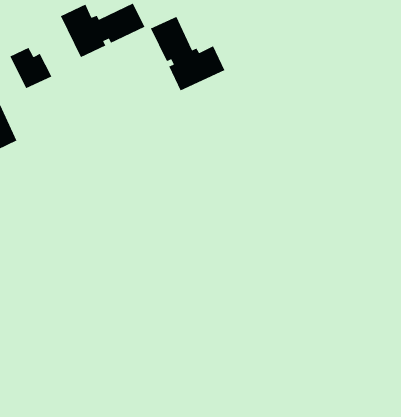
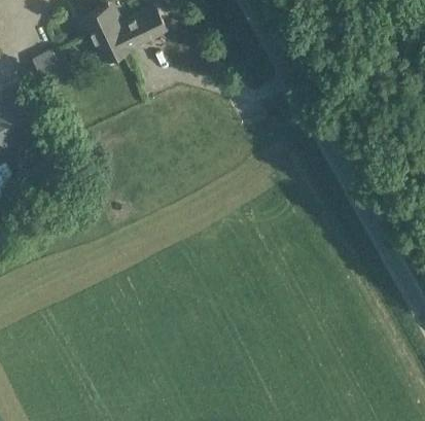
building: [150,16,226,91] -> none

